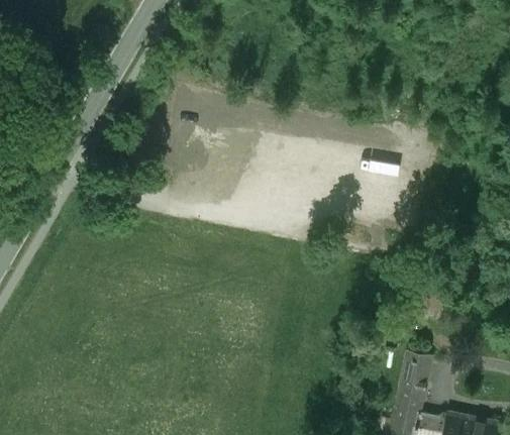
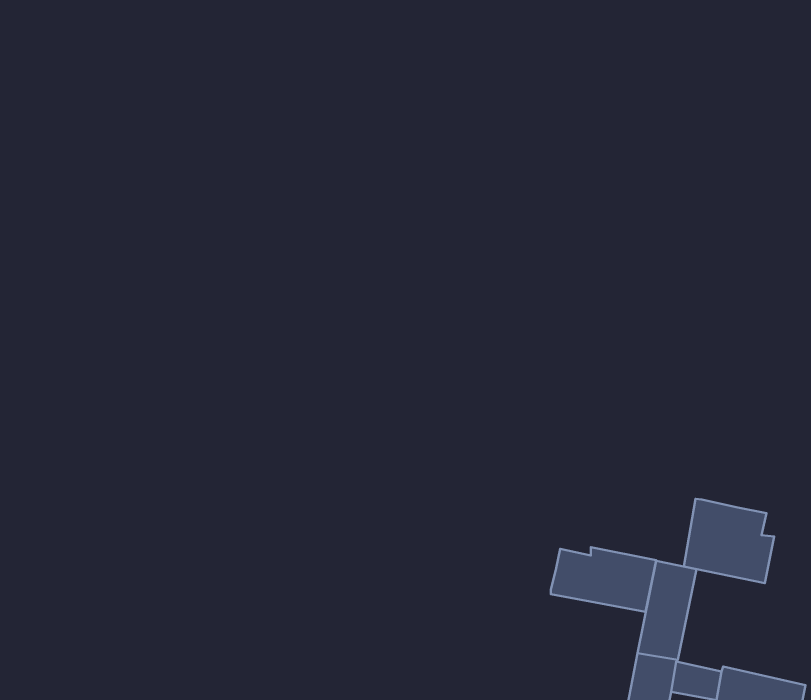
building: none -> [684,499,774,583]
building: none -> [551,547,656,612]

